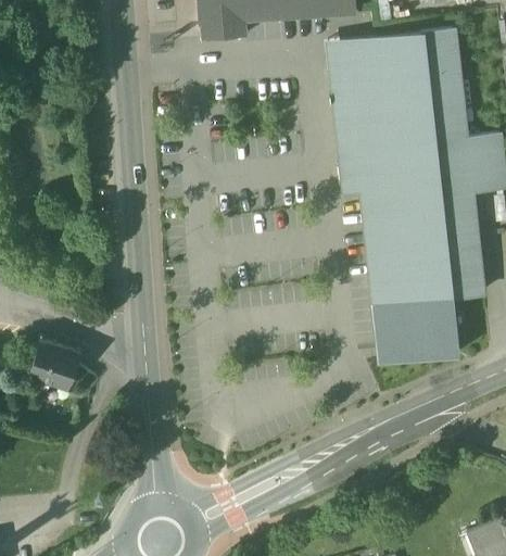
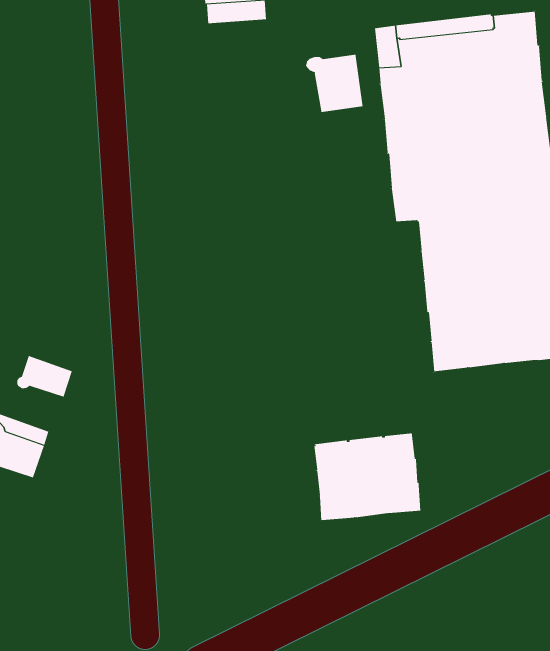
building: none -> [305,54,363,113]
building: none -> [17,355,72,397]
building: [374,298,456,366] -> [314,433,421,522]

